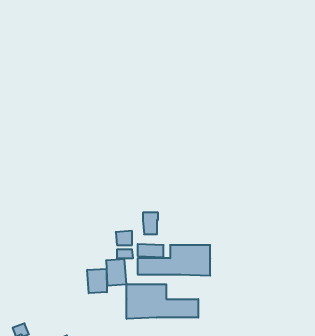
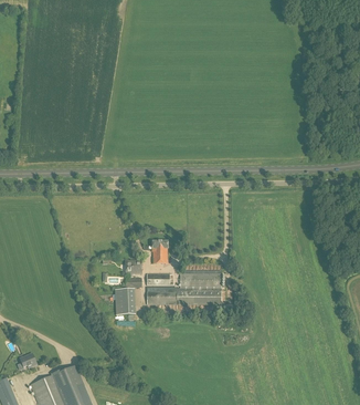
building: [87,269,107,293] -> none
building: [127,284,198,319] -> none

